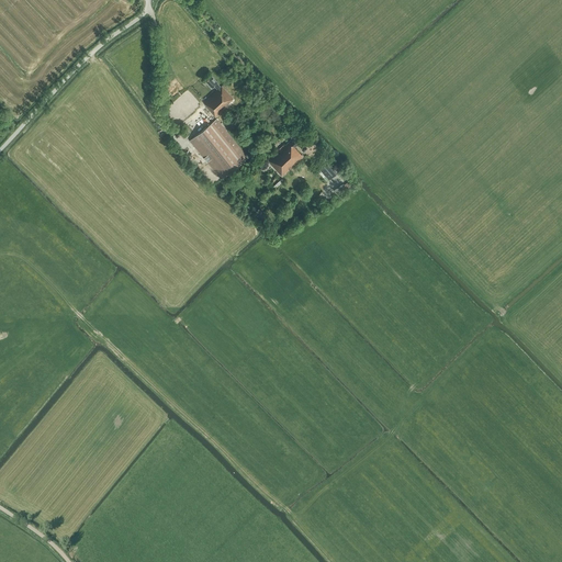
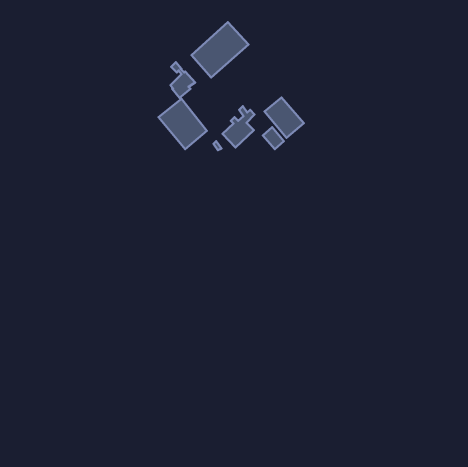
building: none -> [192,22,248,78]
building: none -> [265,97,304,138]

